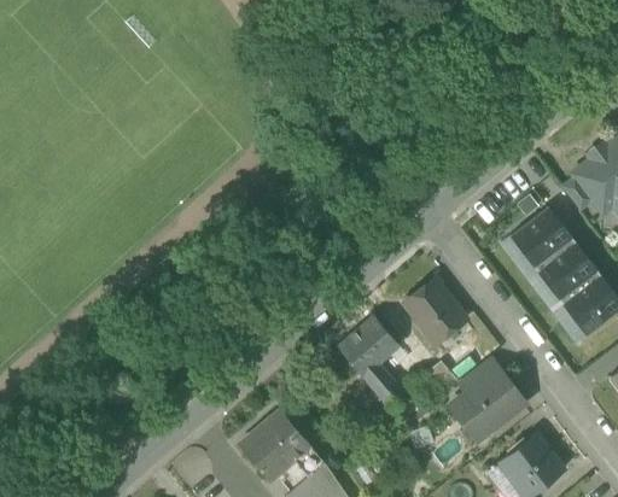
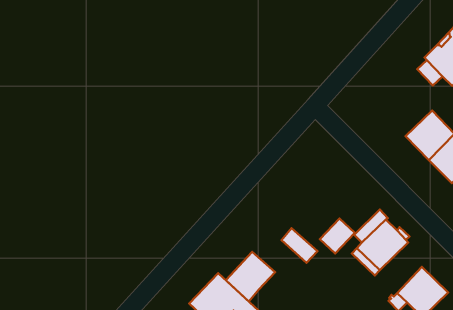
building: [509,207,573,269] -> none
building: [404,280,465,343] -> none
building: [339,318,402,380] -> [226,252,275,302]

